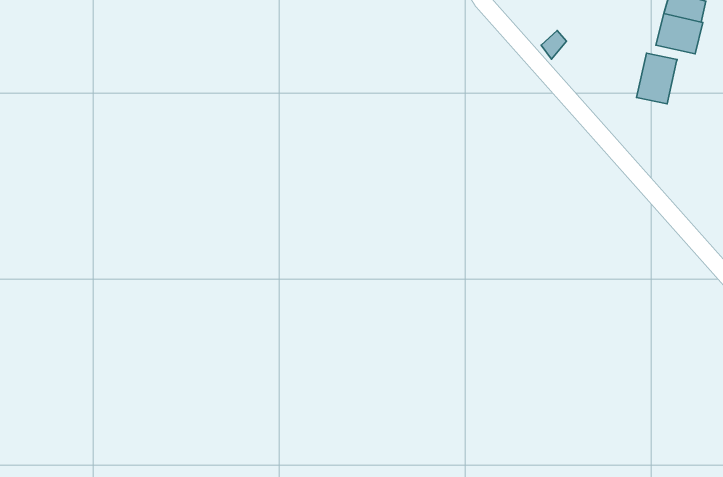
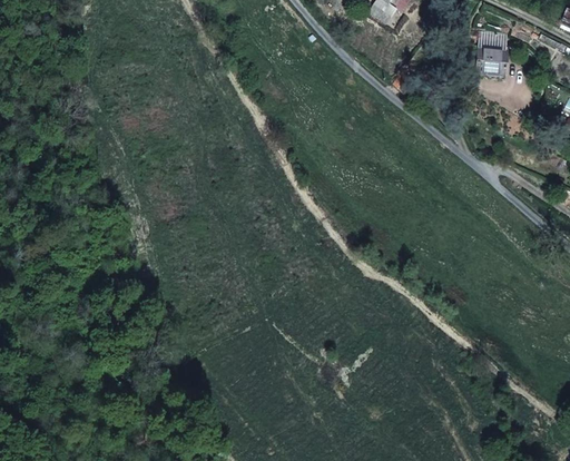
building: [636,53,677,104] -> none

